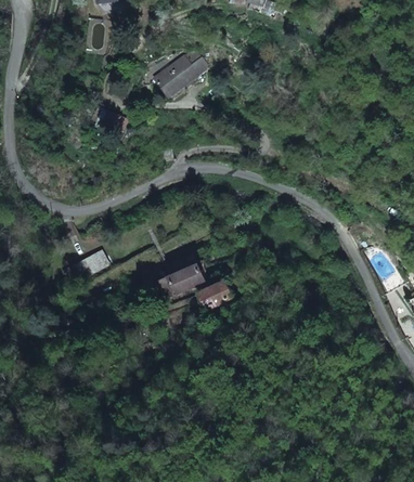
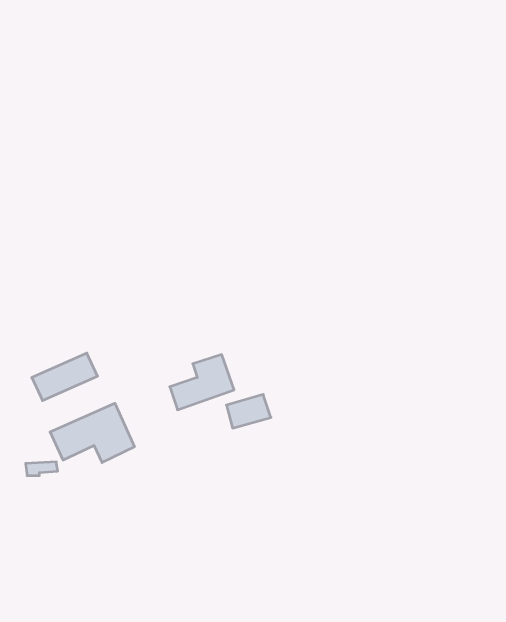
building: [155,50,210,95] -> none
building: none -> [50,403,134,463]

